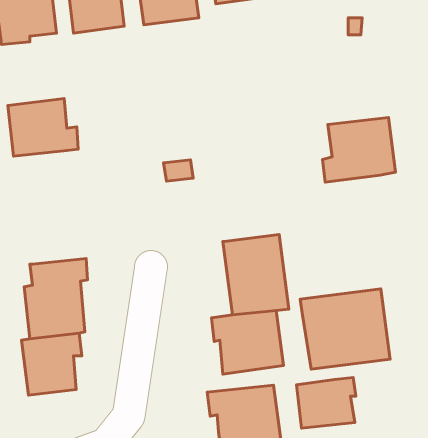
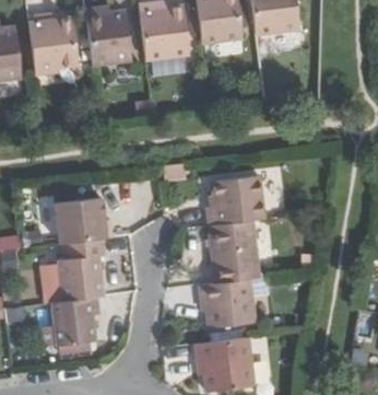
building: [8,99,78,156] -> [56,198,110,243]
building: [322,117,396,182] -> [206,175,263,225]
building: [300,289,390,369] -> none
building: [296,377,356,428] -> none

